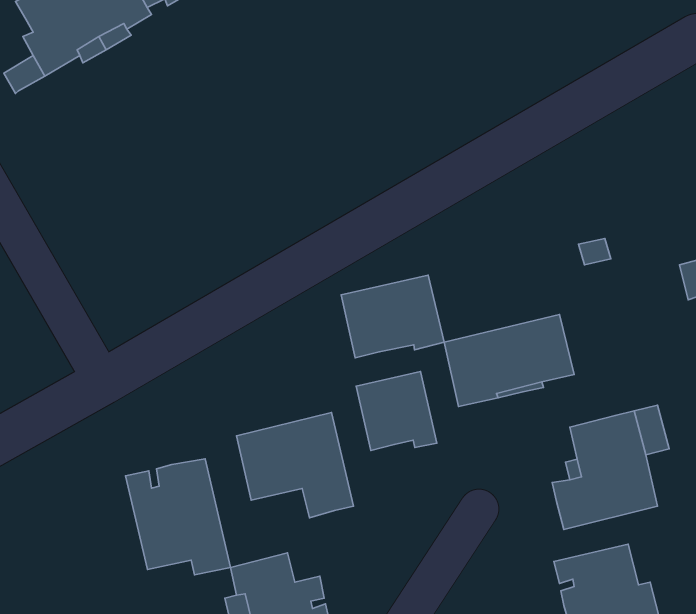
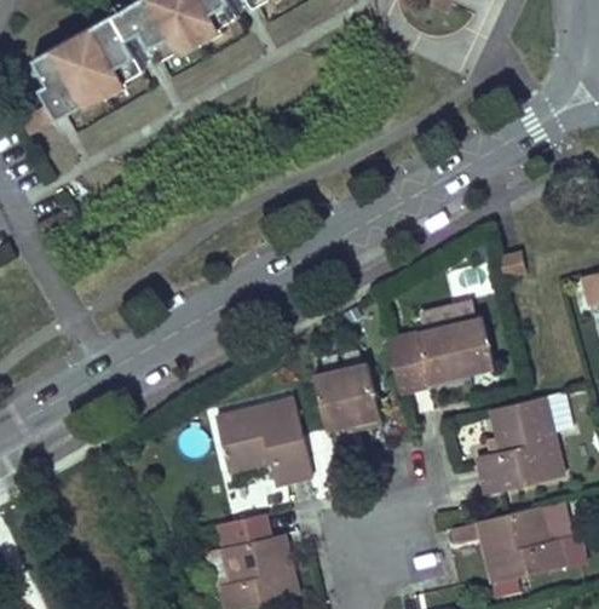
building: [341,275,444,358] -> none
building: [125,459,231,575] -> none

